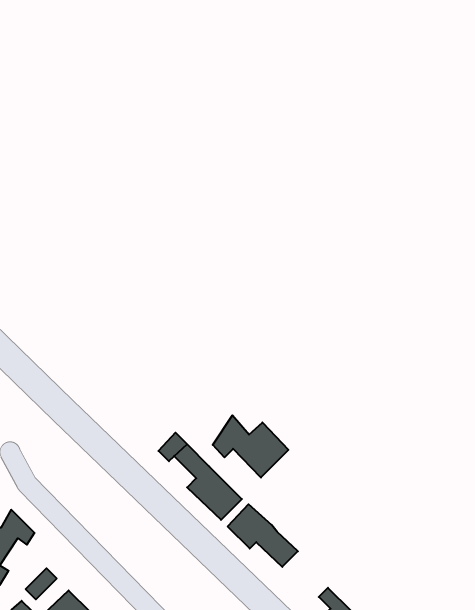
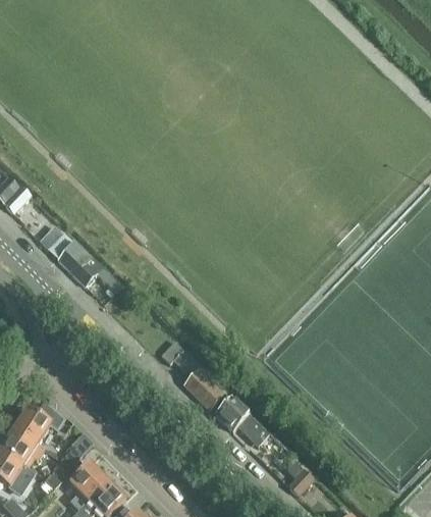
building: none -> [47,232,121,293]
building: [213,415,288,478] -> none

